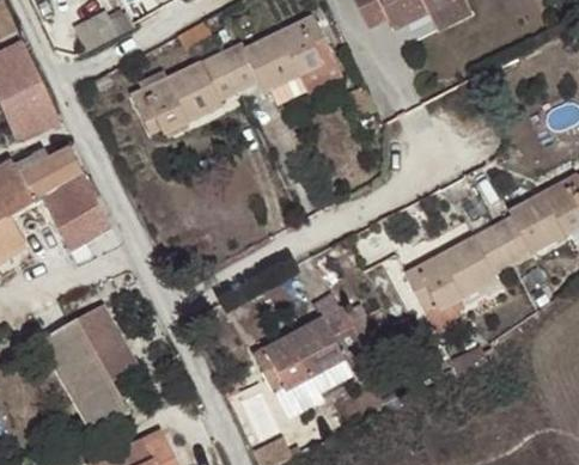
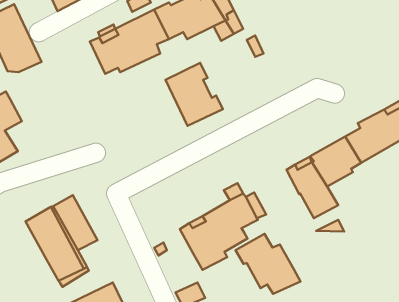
building: none -> [165,63,223,126]
building: [17,145,114,250] -> none
building: none -> [235,234,300,294]

